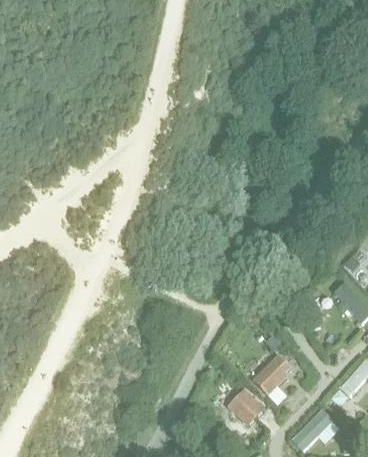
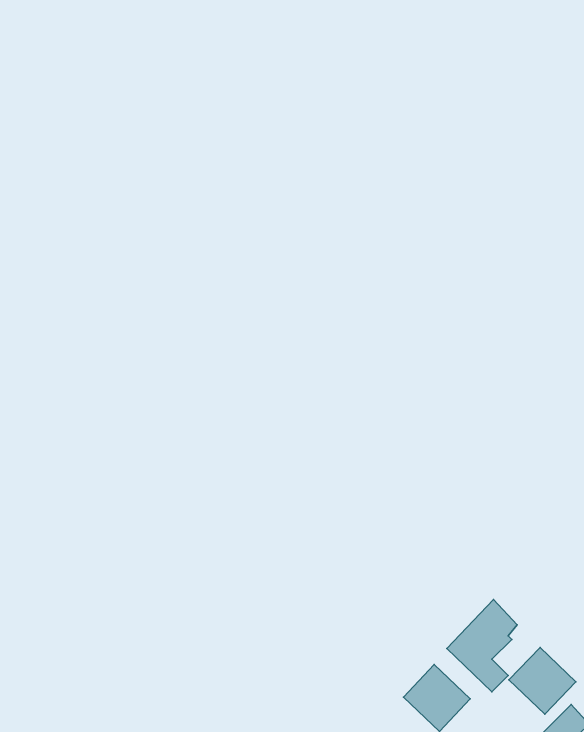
building: none -> [509,647,576,714]

